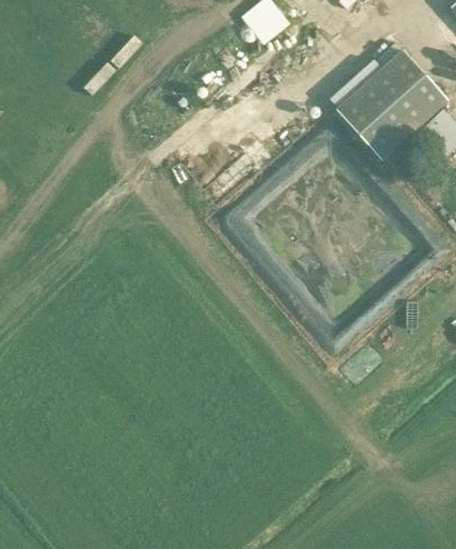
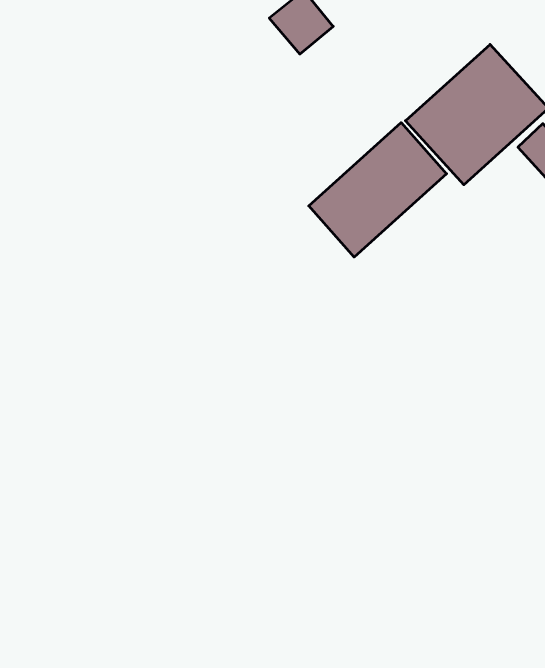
building: none -> [309,123,447,257]

